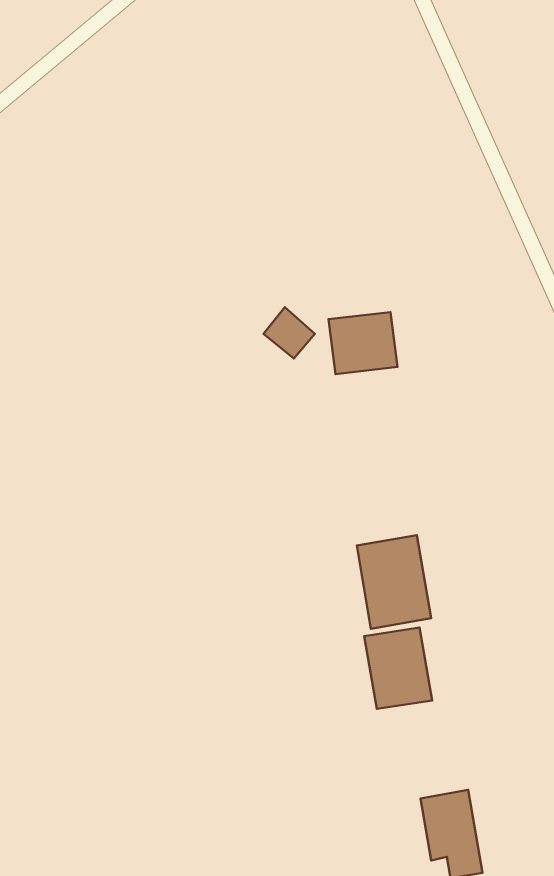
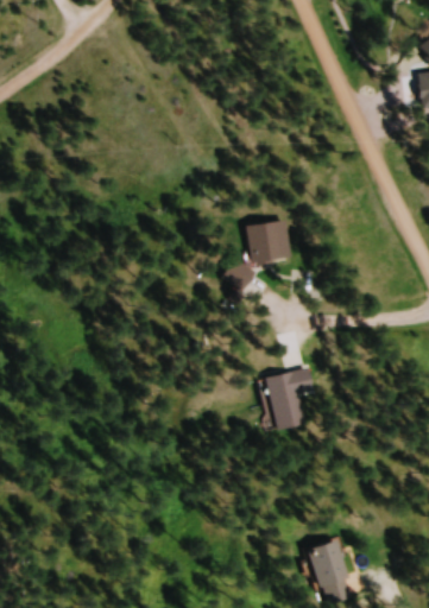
building: [264,307,315,359] -> [222,256,257,291]
building: [364,628,432,709] -> none

